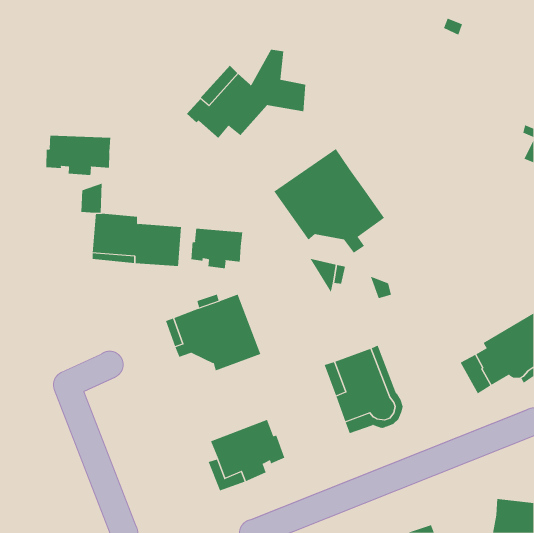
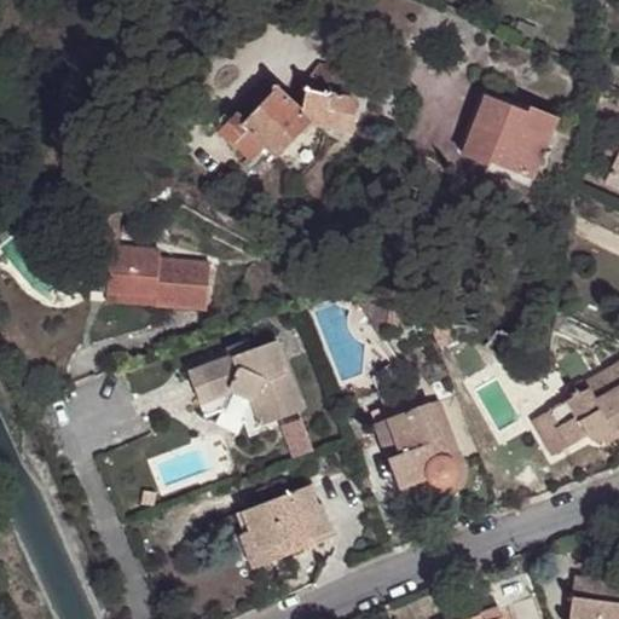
building: none -> [462,96,557,178]
building: [46,135,111,176] -> none
building: [273,148,385,253] -> none
building: [191,228,243,269] -> none

